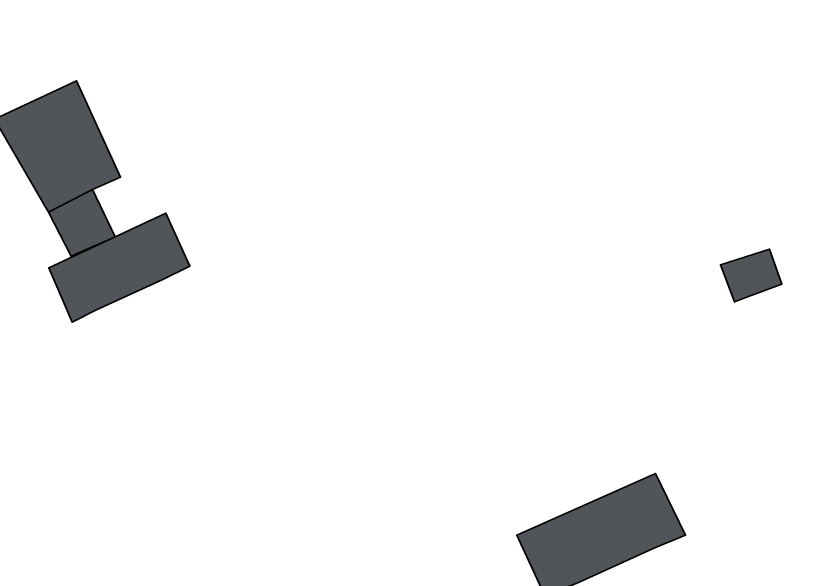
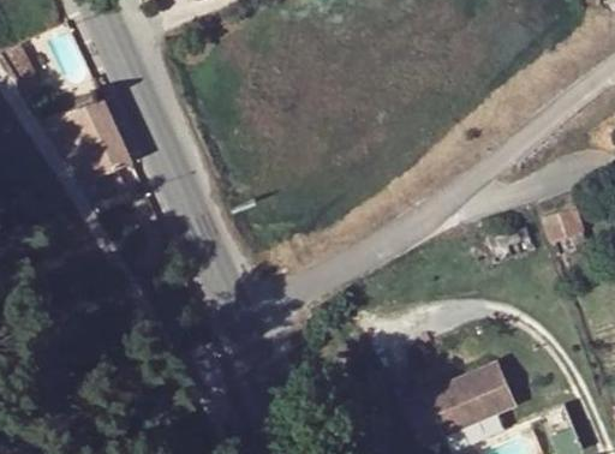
building: [49,213,190,322] -> none

